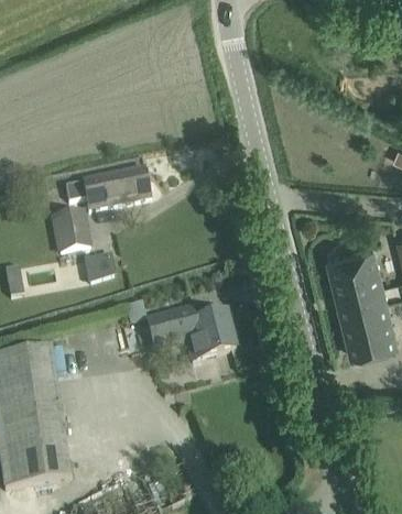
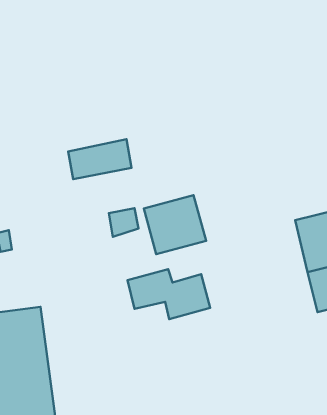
building: [53,209,89,250] -> none
building: none -> [144,195,206,254]
building: [82,253,113,284] -> [109,208,138,237]

